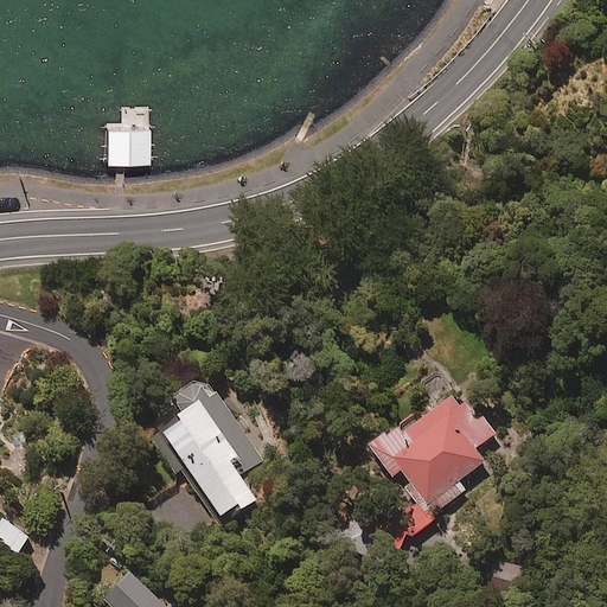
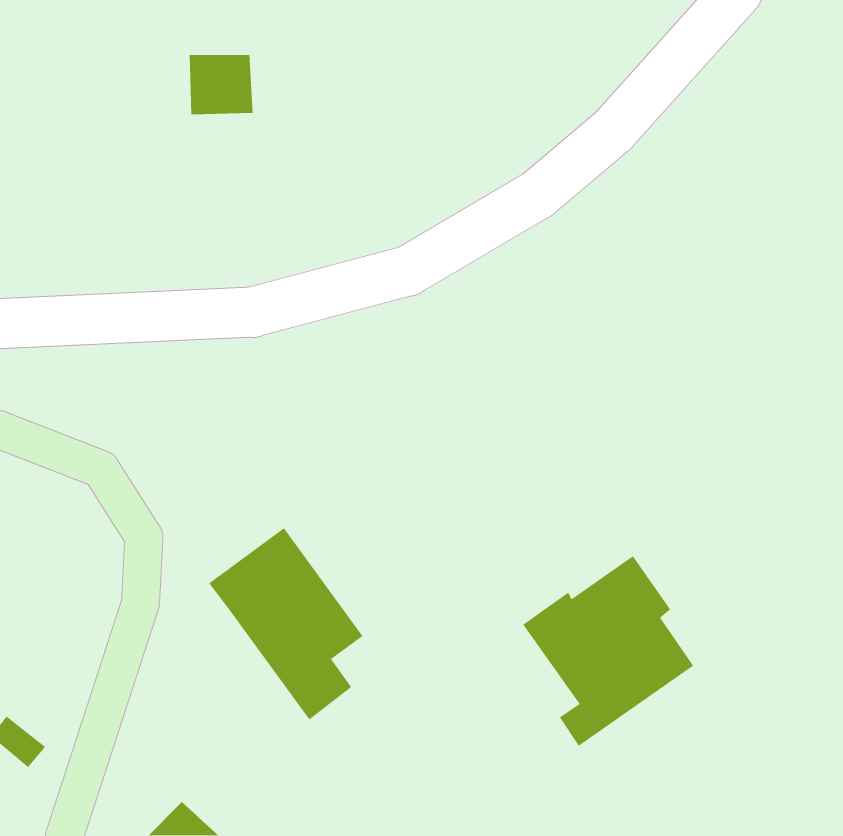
building: [102,117,148,161] -> [189,54,253,115]

